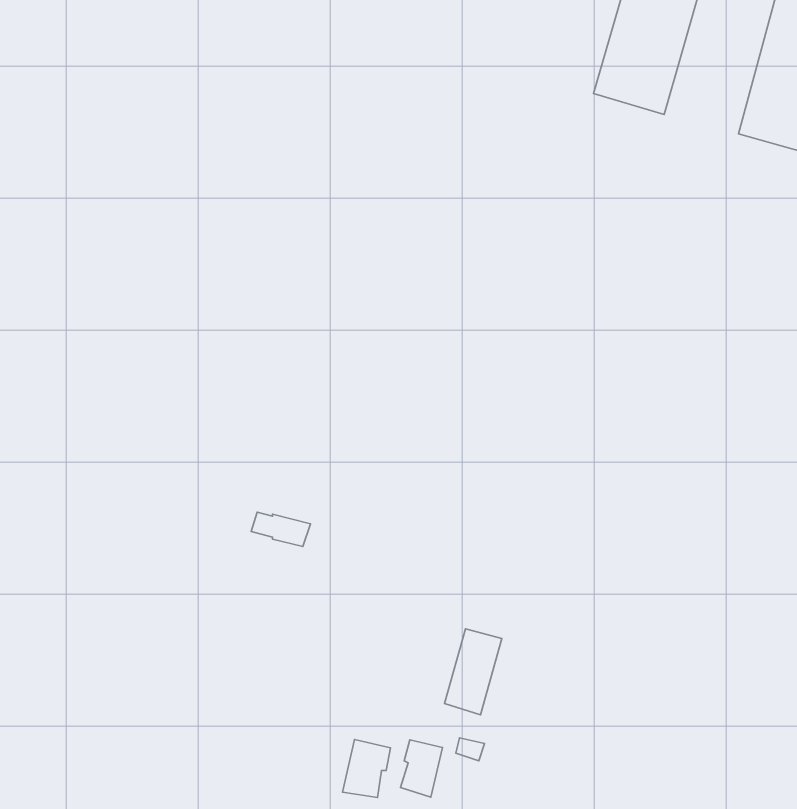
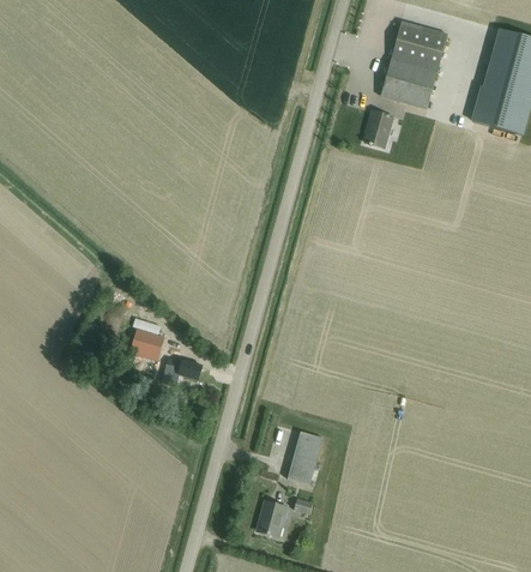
building: none -> [367,110,393,146]
building: none -> [132,329,165,360]
building: [342,740,391,798] -> none

